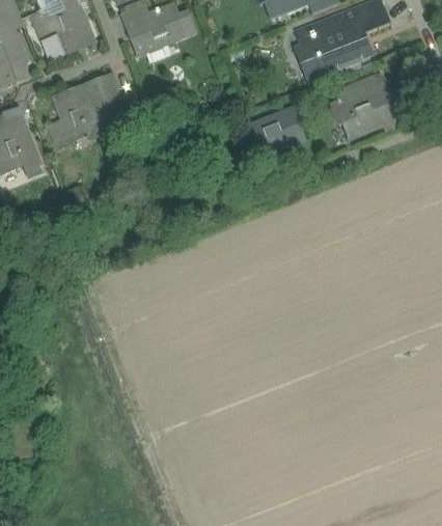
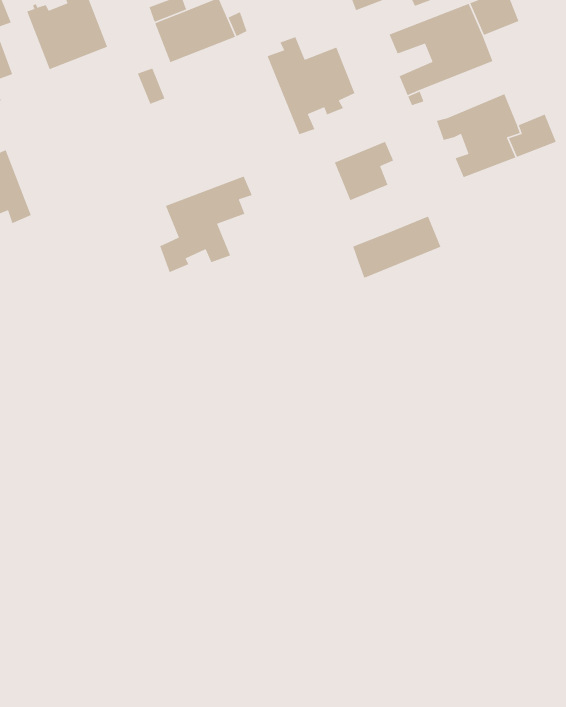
building: none -> [266,36,356,135]
building: [50,74,117,144] -> [159,175,253,273]
building: none -> [352,215,441,279]

